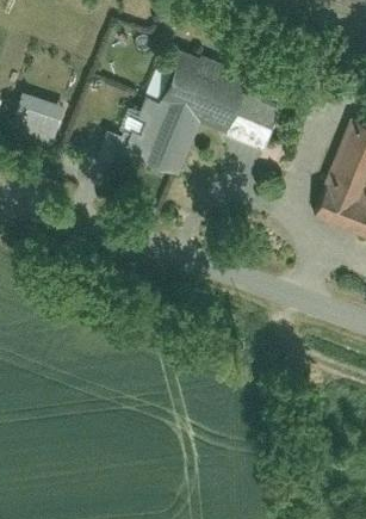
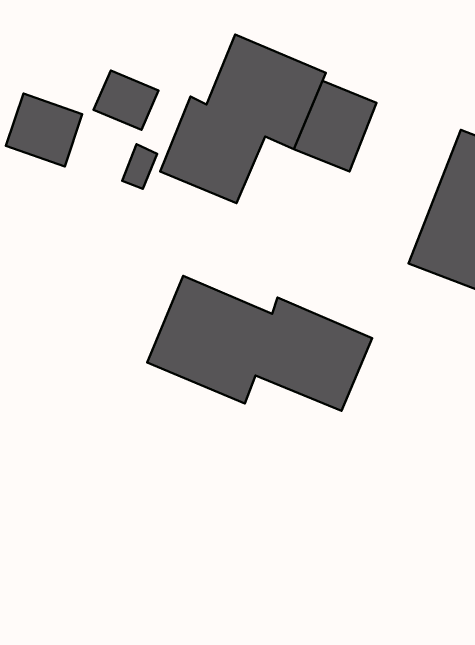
building: none -> [94,71,159,130]
building: none -> [147,276,372,411]

